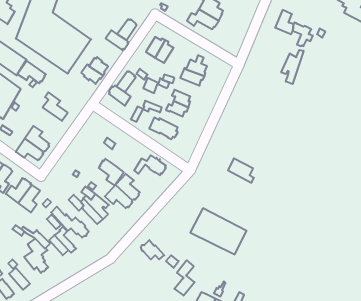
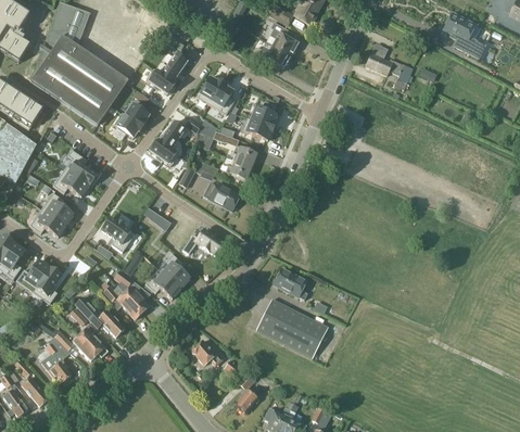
building: [281,50,304,84] -> none
building: [17,61,46,83] -> [53,168,90,198]
building: [228,158,254,183] -> [274,267,307,298]
building: [99,159,124,186] -> [102,217,135,252]

